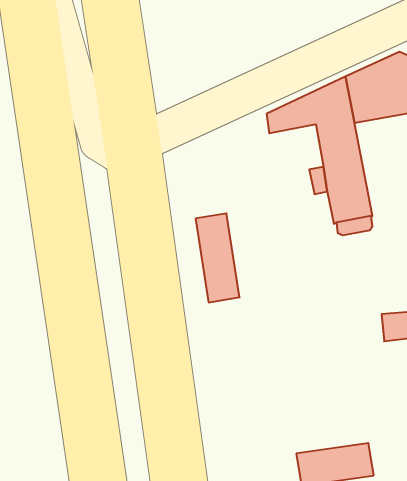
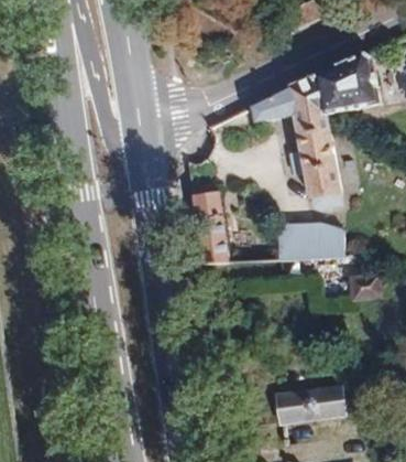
building: none -> [278,223,345,260]

